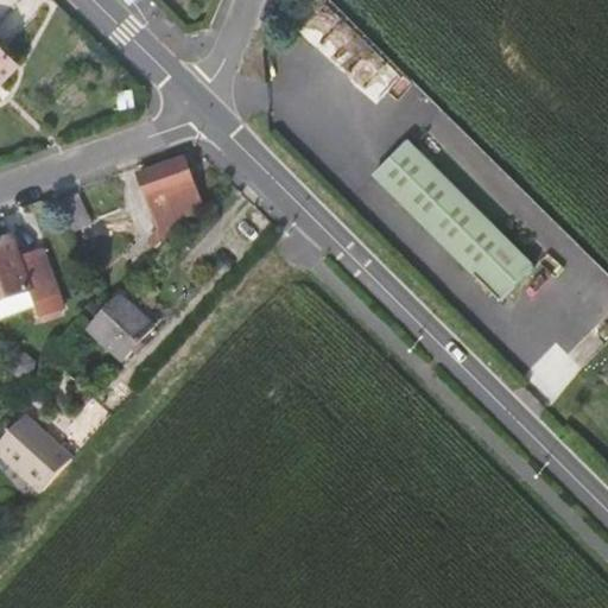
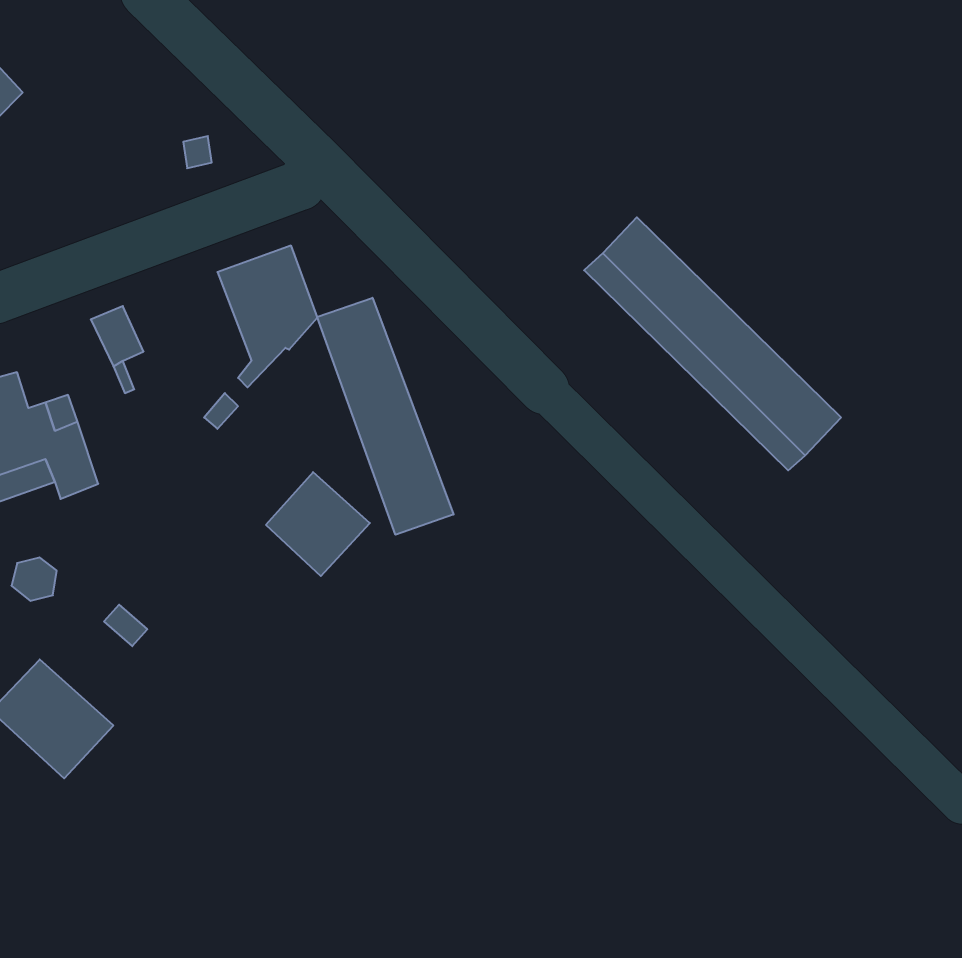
building: none -> [317,298,454,535]
building: [88,292,153,357] -> [266,472,370,576]

